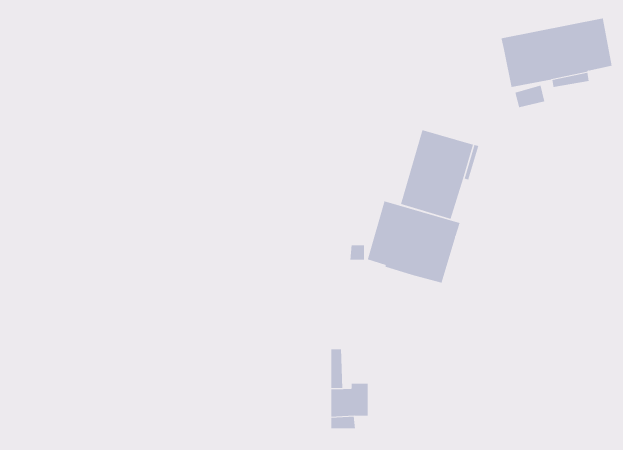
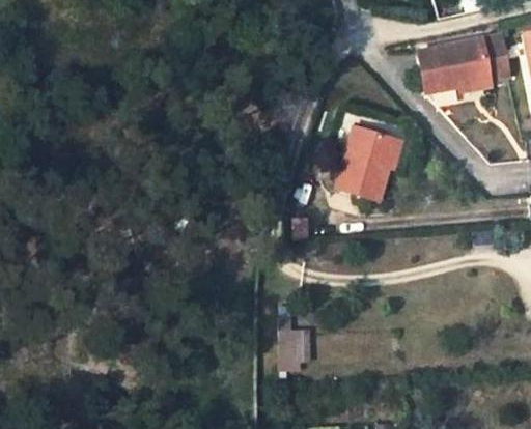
building: [367,200,460,284] -> none

